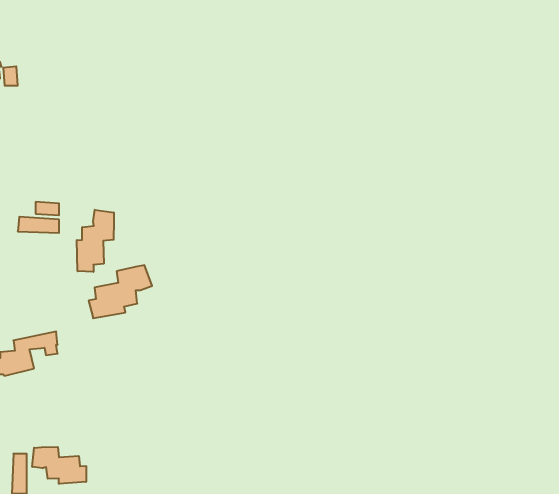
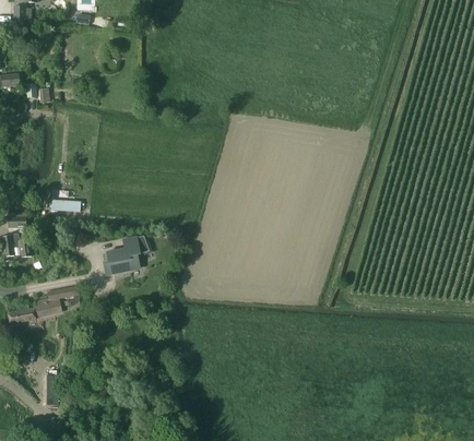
building: [77,210,114,272] -> none
building: [32,447,86,484] -> none

